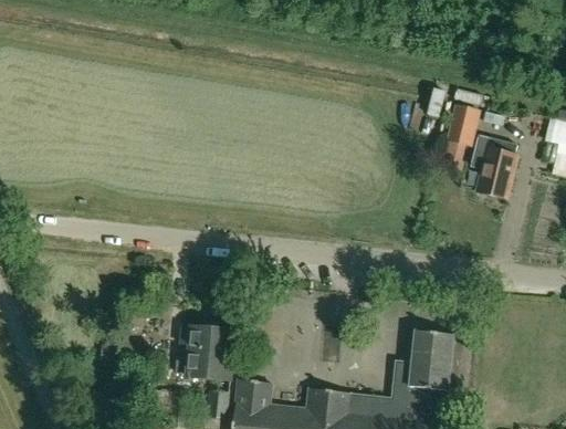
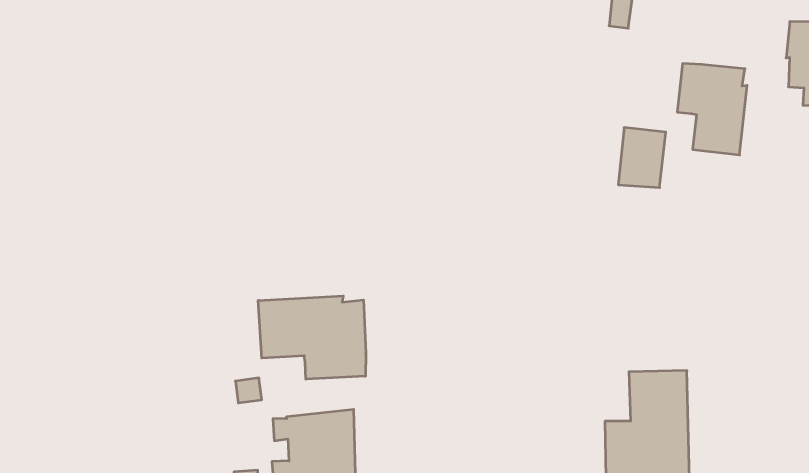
building: [446,104,481,146] -> [618,128,666,188]
building: none -> [258,296,366,379]

